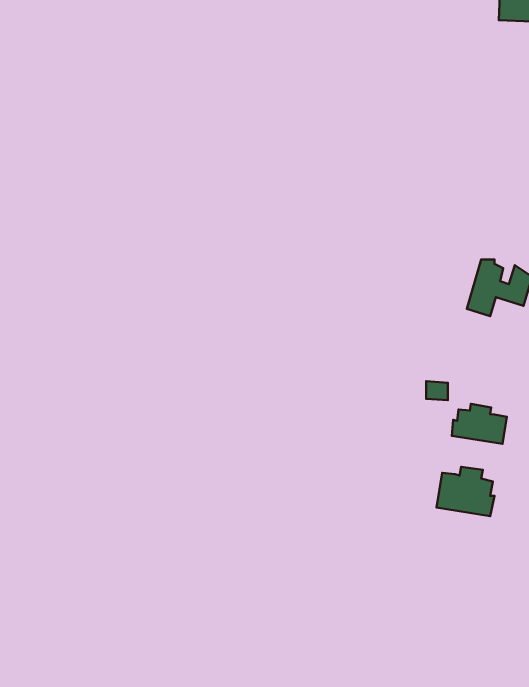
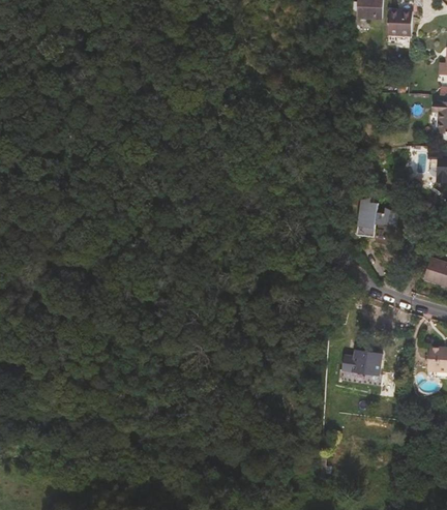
building: [452,404,507,444] -> none

